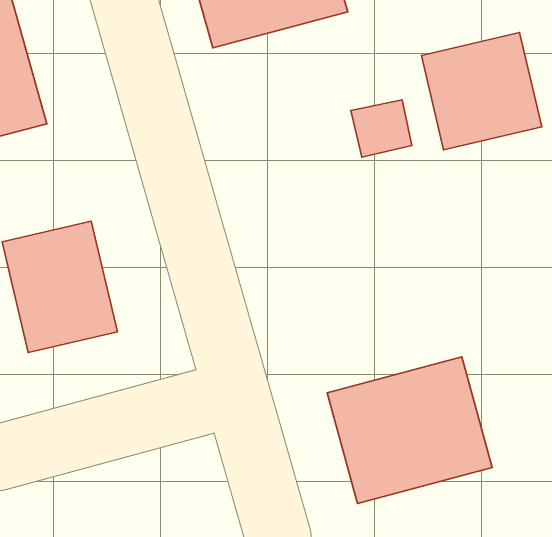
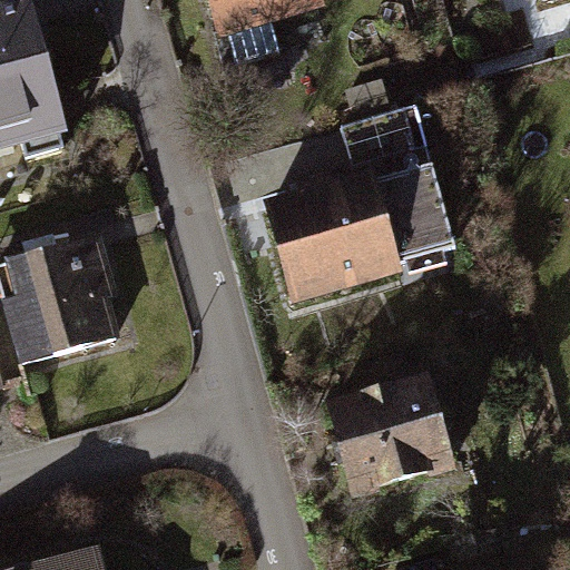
building: [421,33,542,150] -> none
building: none -> [266,170,434,321]

